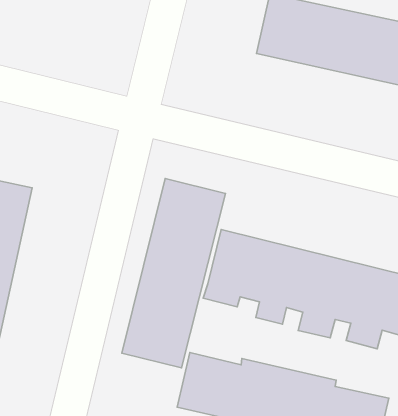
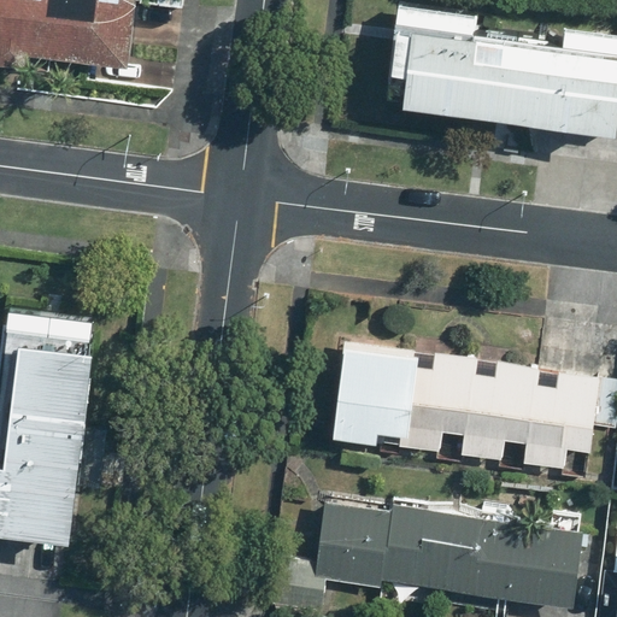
building: [122,178,226,368] -> none

